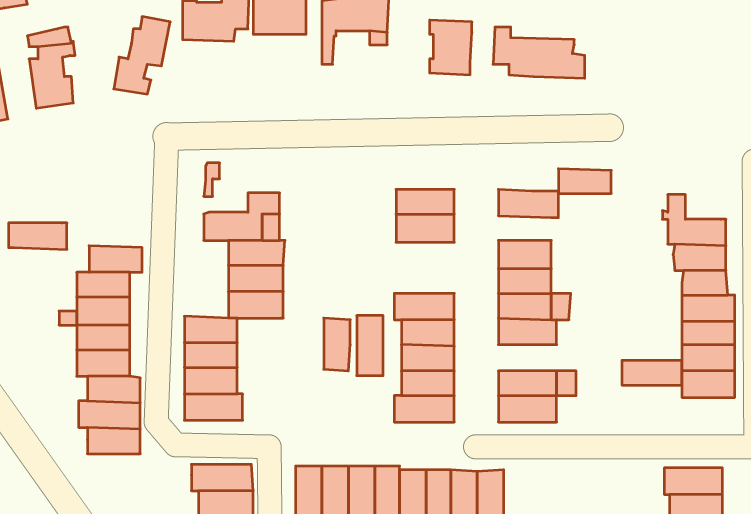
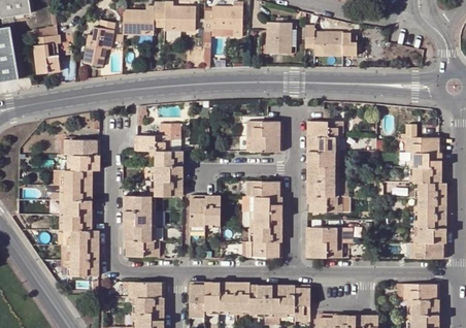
building: [558,169,611,193] -> [306,136,337,151]
building: [9,223,67,249] -> [64,139,98,155]
building: [357,316,383,376] -> [189,196,204,231]
building: [622,360,682,385] -> [409,242,444,257]

